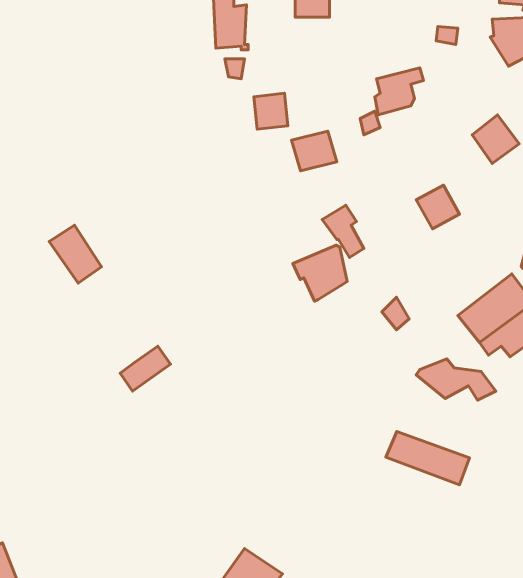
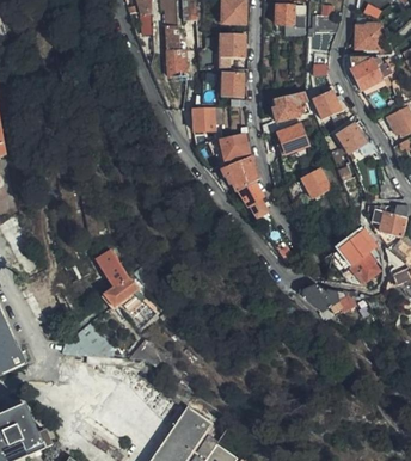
building: none -> [221,67,243,96]
building: none -> [312,90,345,118]
building: none -> [276,123,307,154]
building: [49,225,102,283] -> [94,247,129,285]
building: [293,245,347,301] -> [221,155,257,192]
building: [386,432,469,485] -> none

